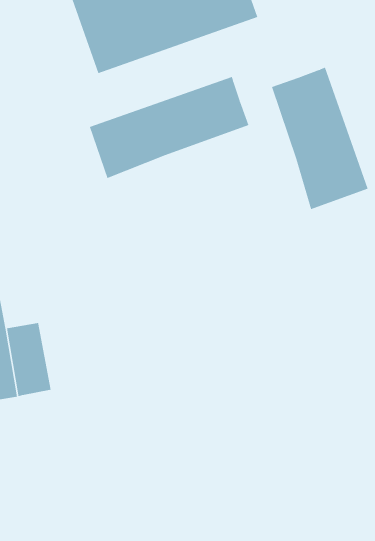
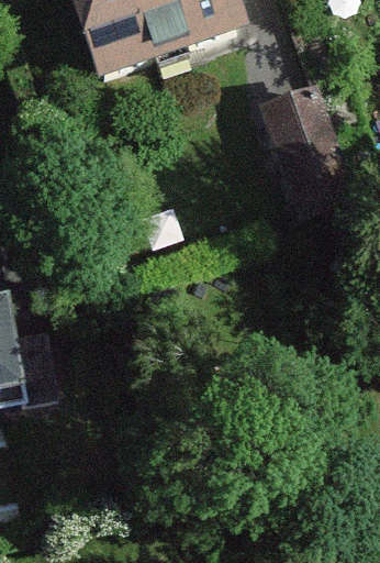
building: [89,76,249,179] -> none

